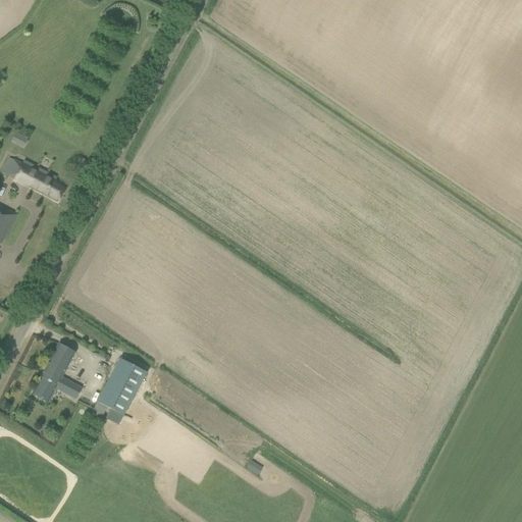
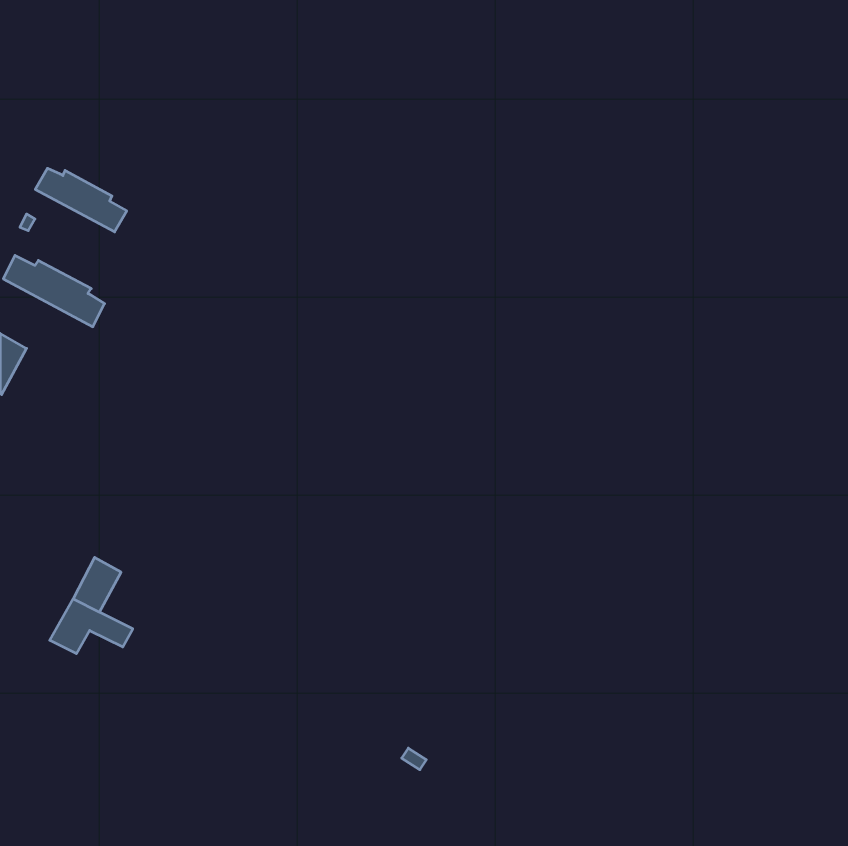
building: none -> [35,168,127,232]
building: [96,358,146,415] -> none

